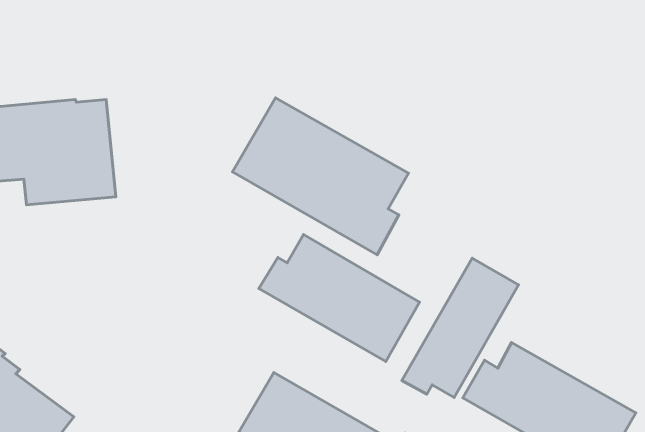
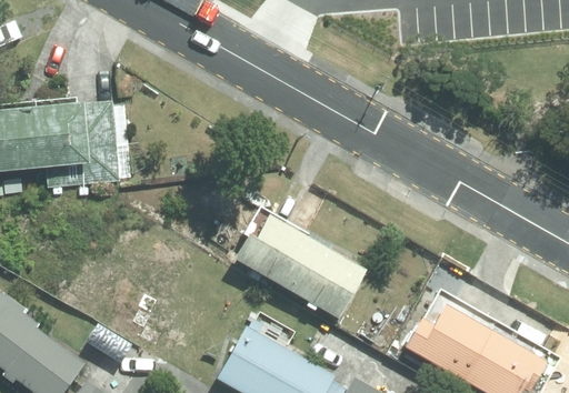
building: [232,98,409,255] -> none
building: [402,258,518,398] -> none

